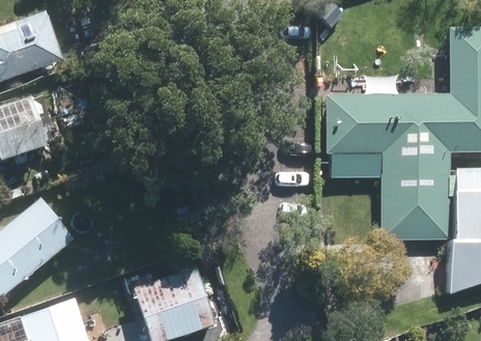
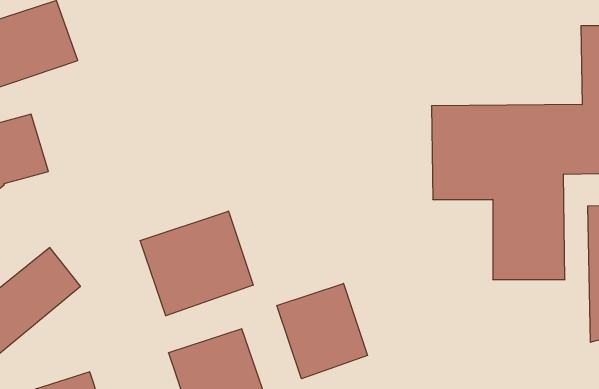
building: none -> [140,211,253,316]
building: none -> [277,283,367,379]

